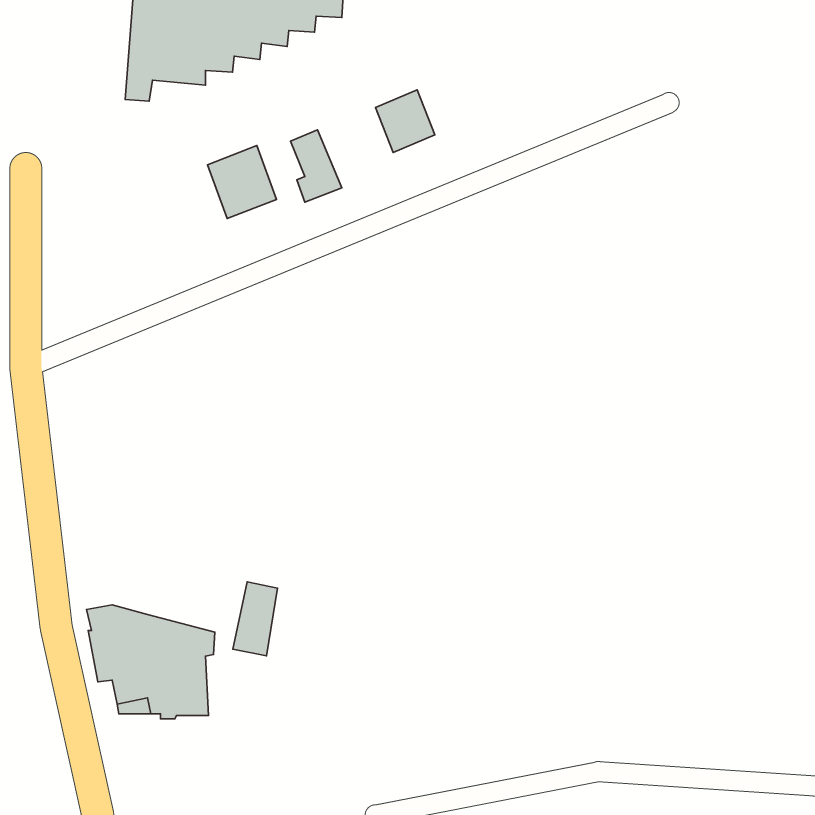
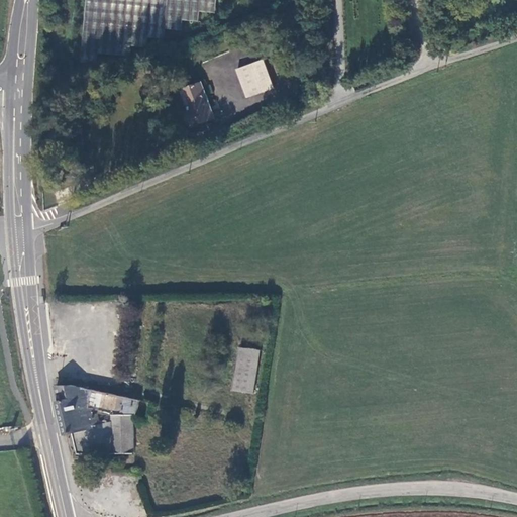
building: [208,146,276,219] -> none
building: [233,582,278,656] -> [230,347,258,394]

